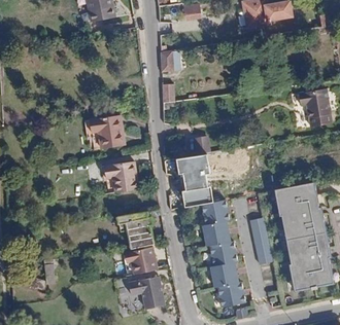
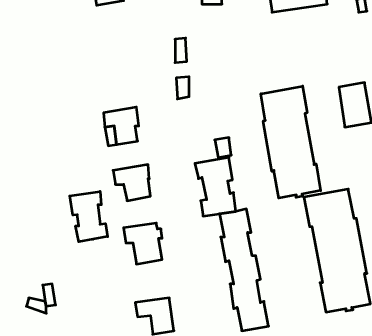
building: none -> [261,86,321,198]
building: none -> [70,191,108,242]
building: [248,218,273,265] -> none
building: [124,248,155,275] -> none

